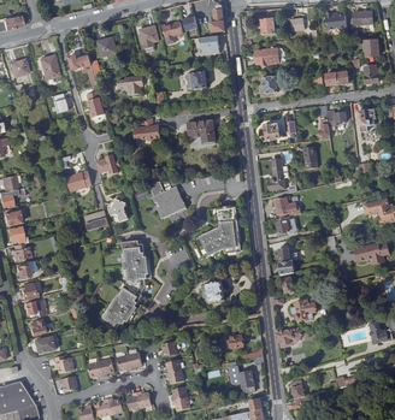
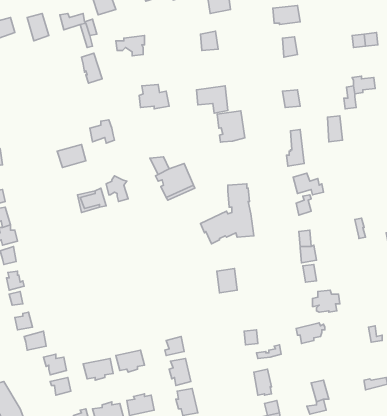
building: none -> [217,111,245,142]
building: [102,241,148,330] -> none

